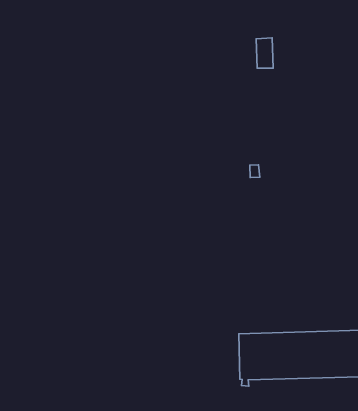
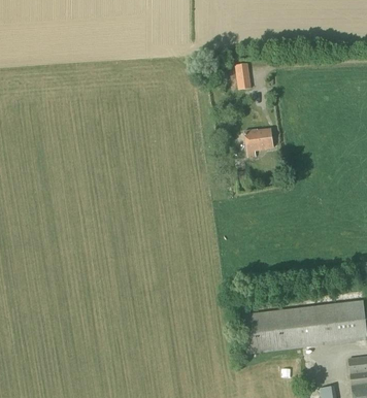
building: none -> [244,128,272,156]

